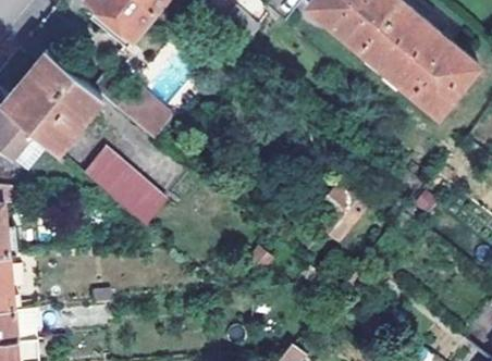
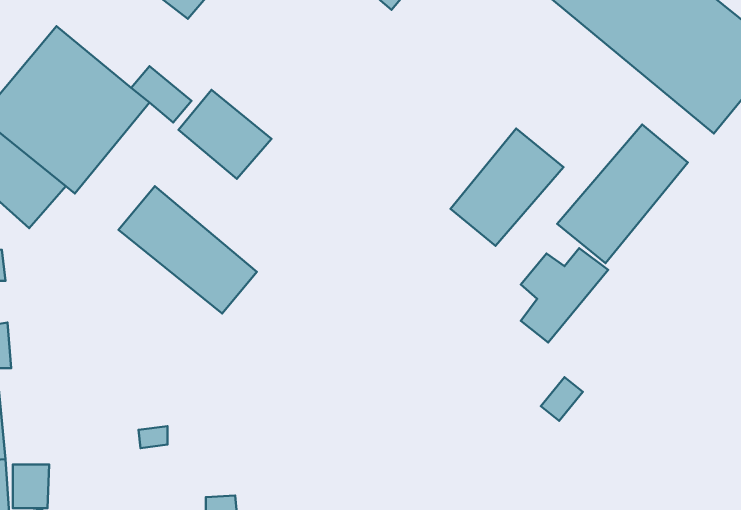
building: none -> [557,125,688,263]
building: none -> [451,128,564,246]

